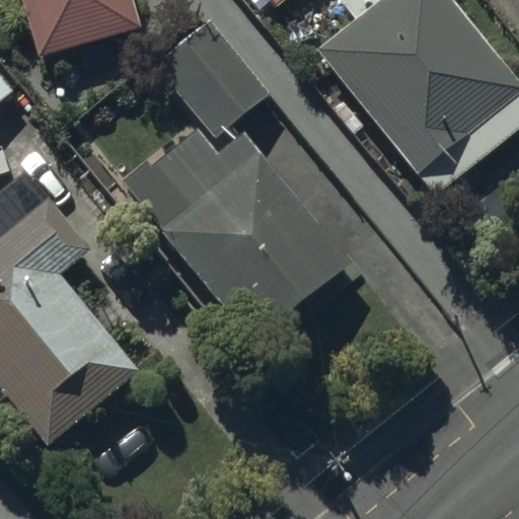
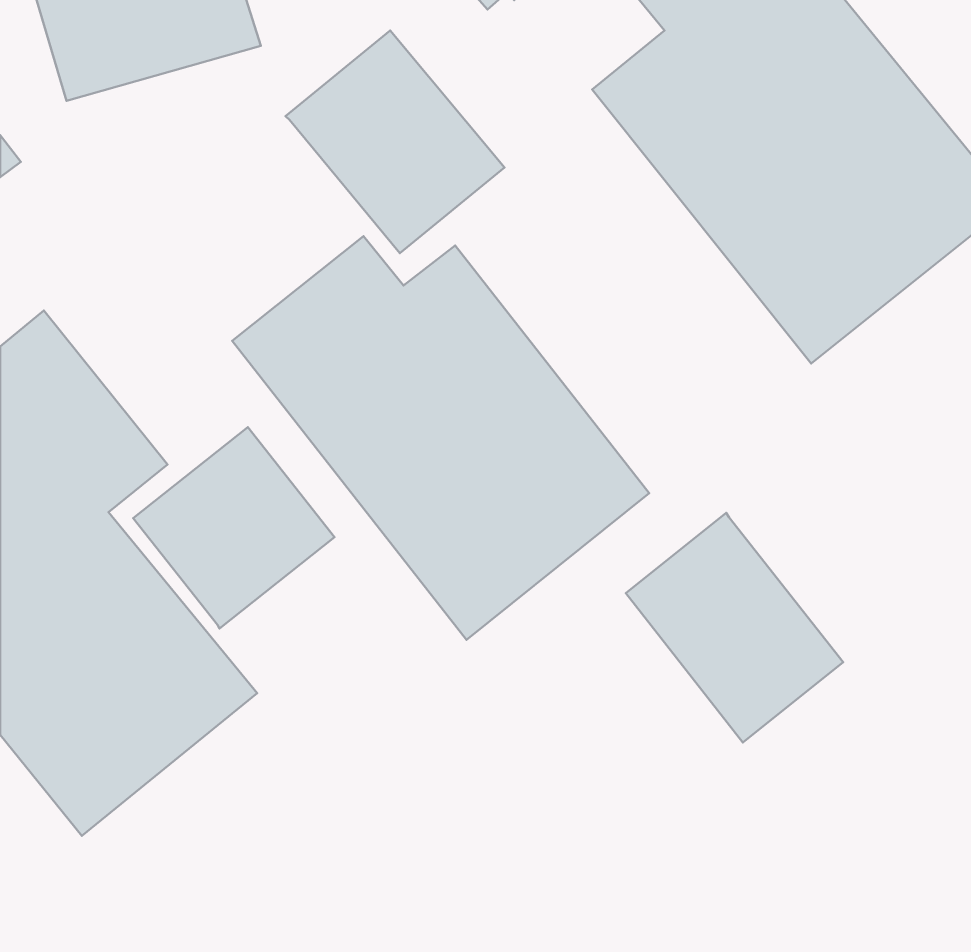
building: none -> [133,427,334,629]
building: none -> [626,513,843,743]

